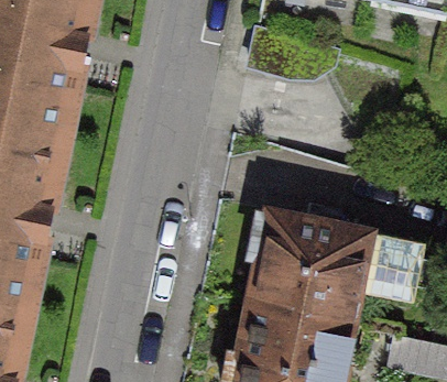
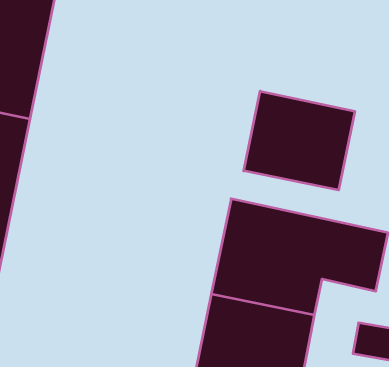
building: none -> [244,91,355,190]

